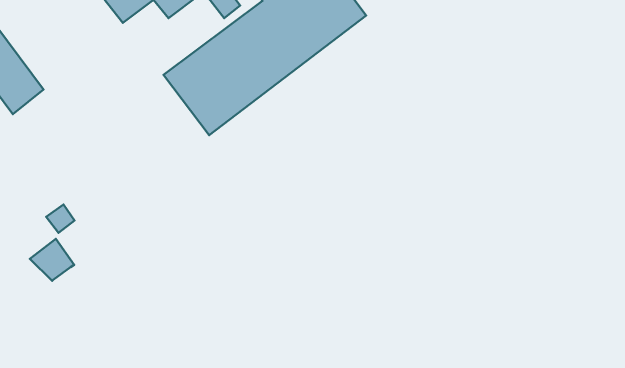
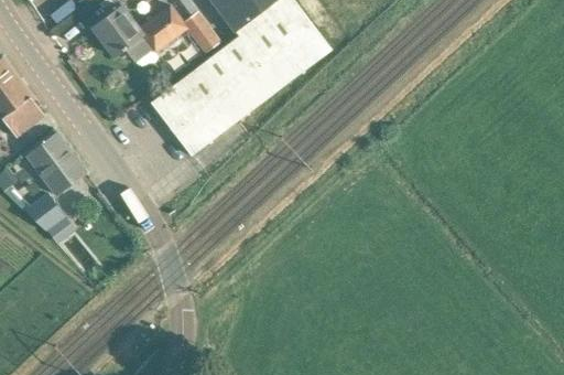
building: none -> [26,133,86,195]
building: [30,239,74,281] -> [25,193,65,231]

